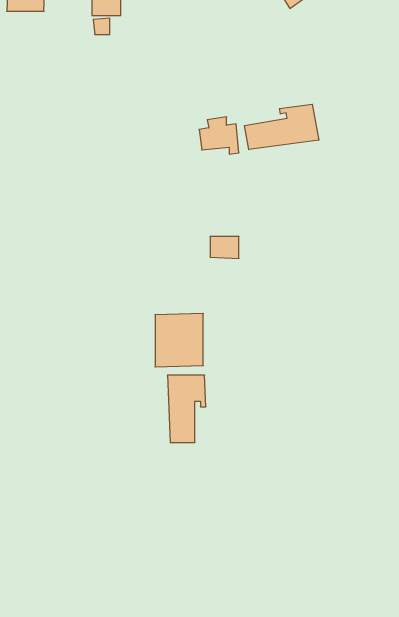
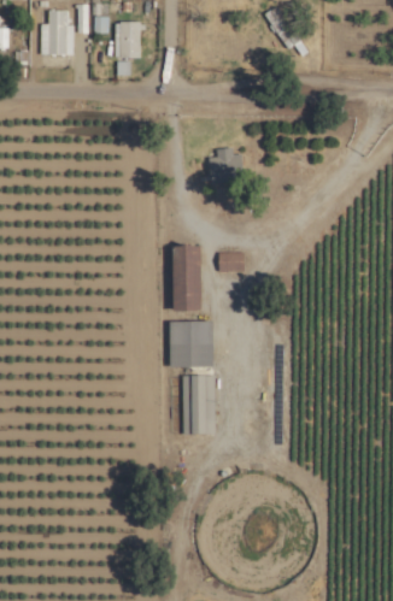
building: [244,104,319,150] -> none
building: none -> [172,246,201,310]

